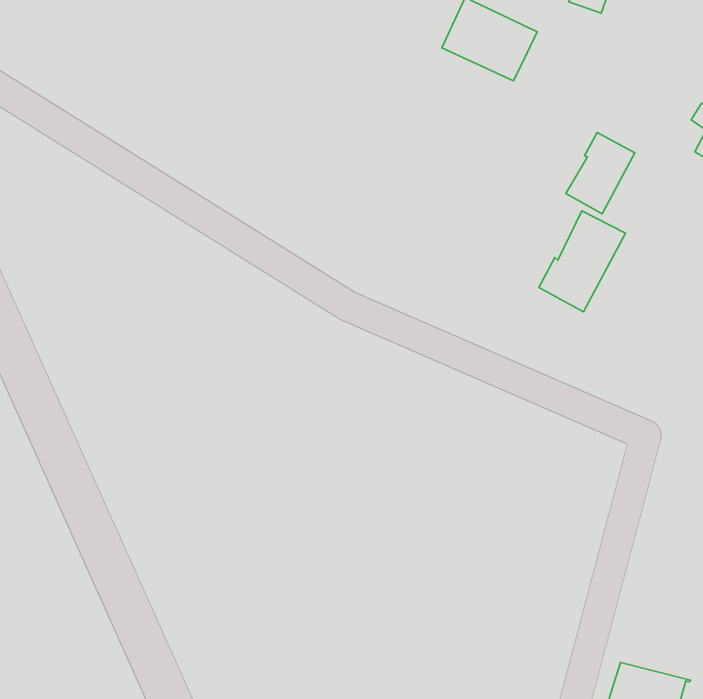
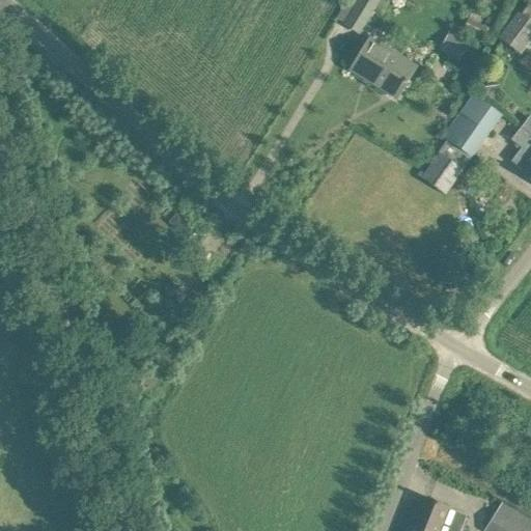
building: none -> [444,94,501,155]
building: [539,211,626,312] -> none

